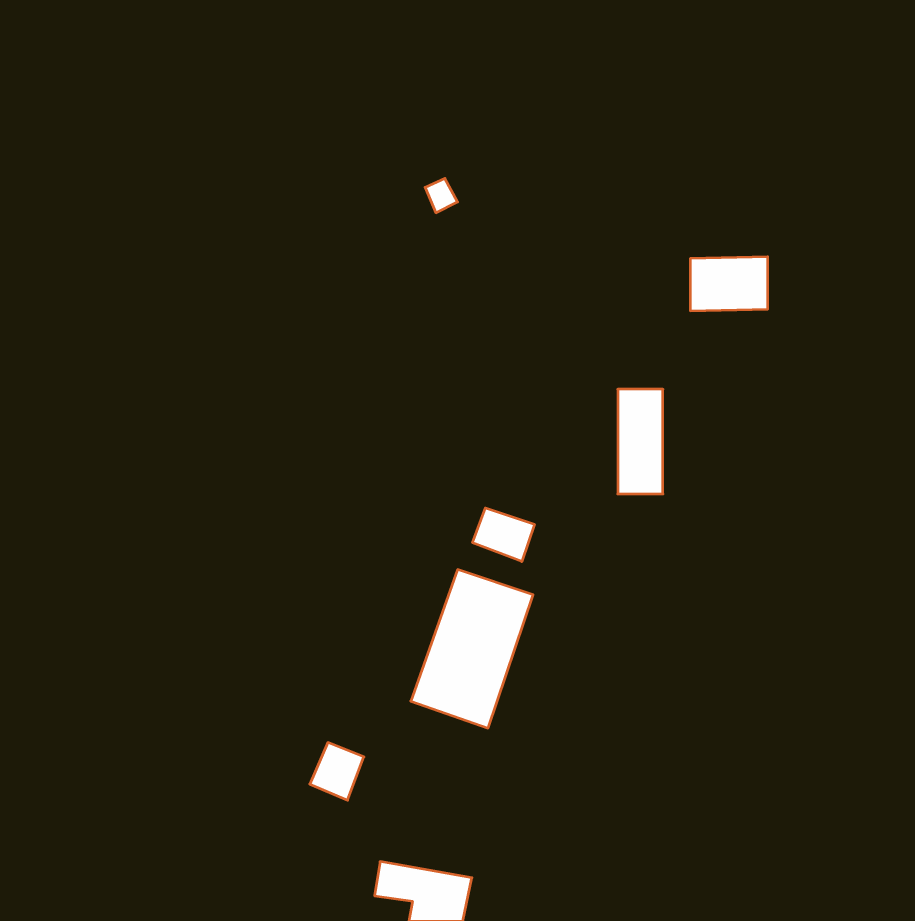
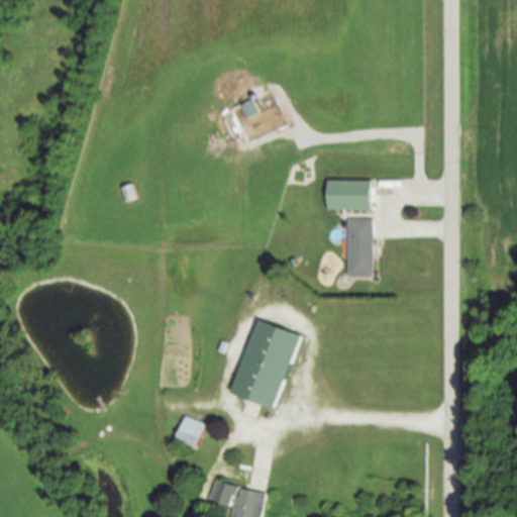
building: [690,257,768,311] -> [326,180,370,210]
building: [473,508,534,562] -> none

